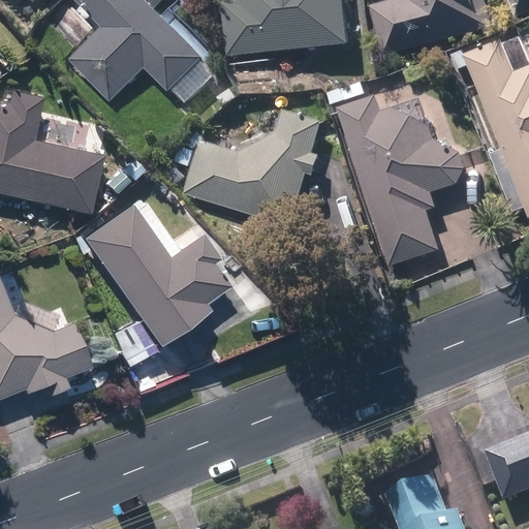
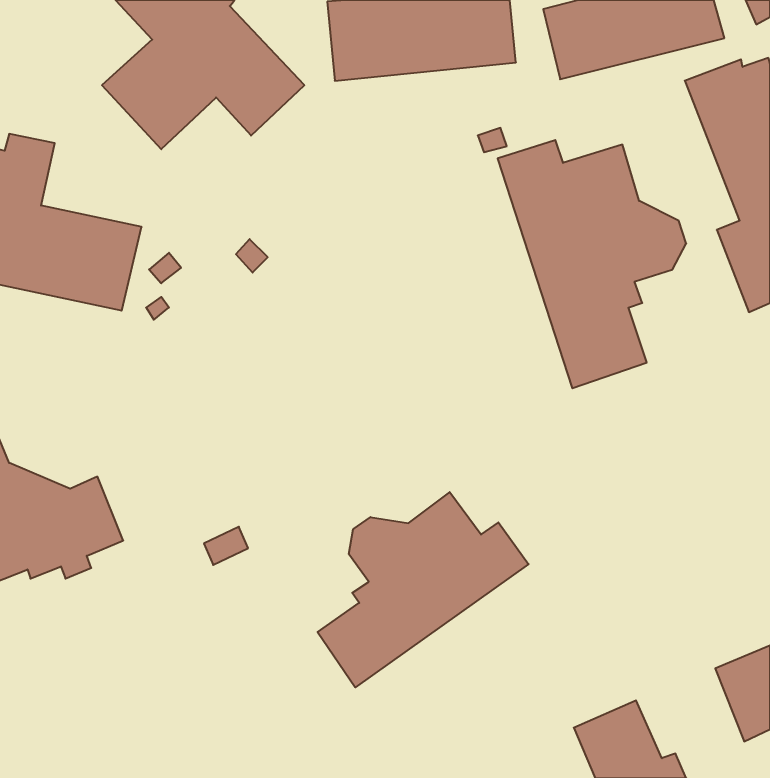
building: [185,107,323,225] -> none
building: [79,203,224,345] -> none
building: none -> [318,492,529,687]

